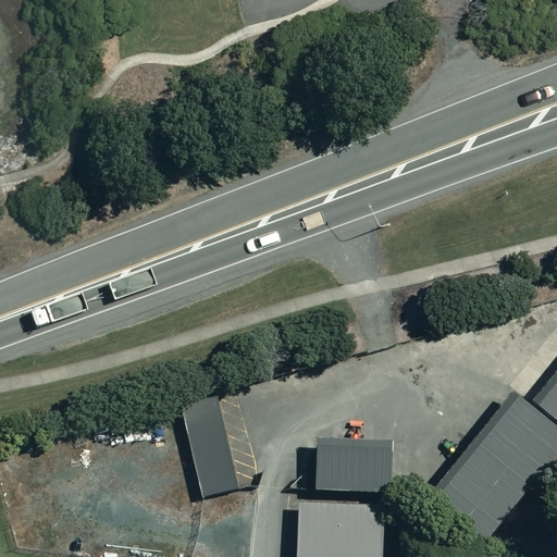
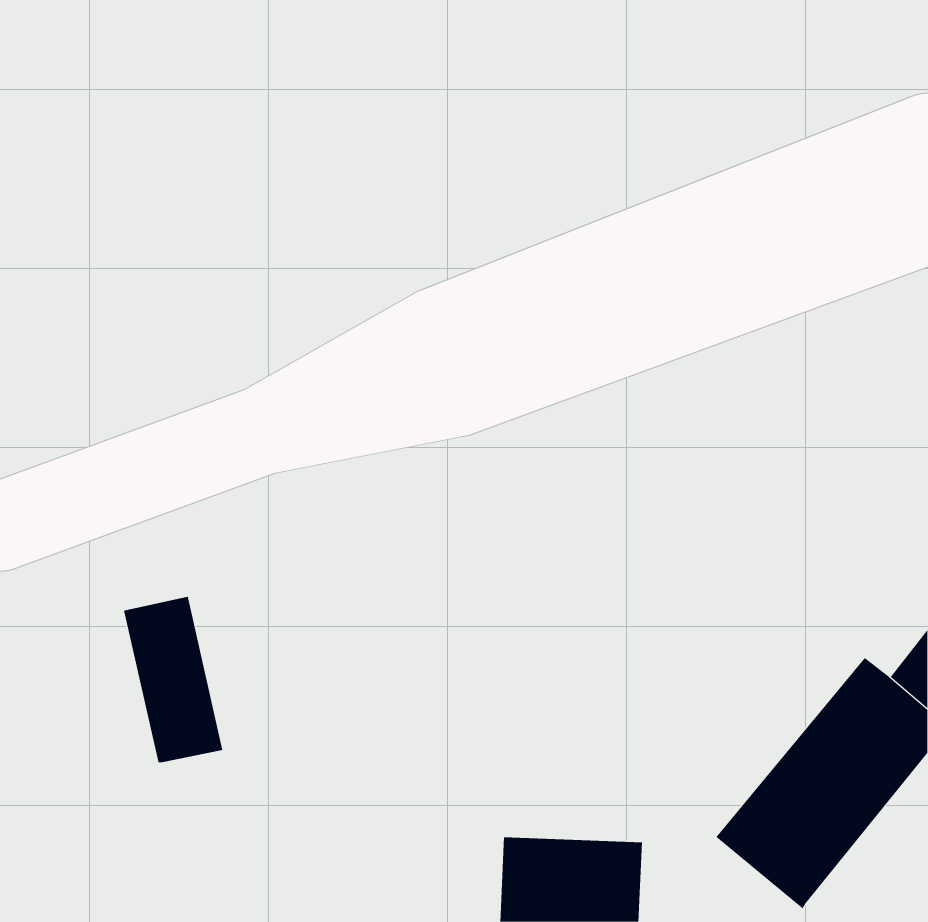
building: [180,396,239,496] -> [123,596,223,763]
building: [318,438,395,493] -> none

